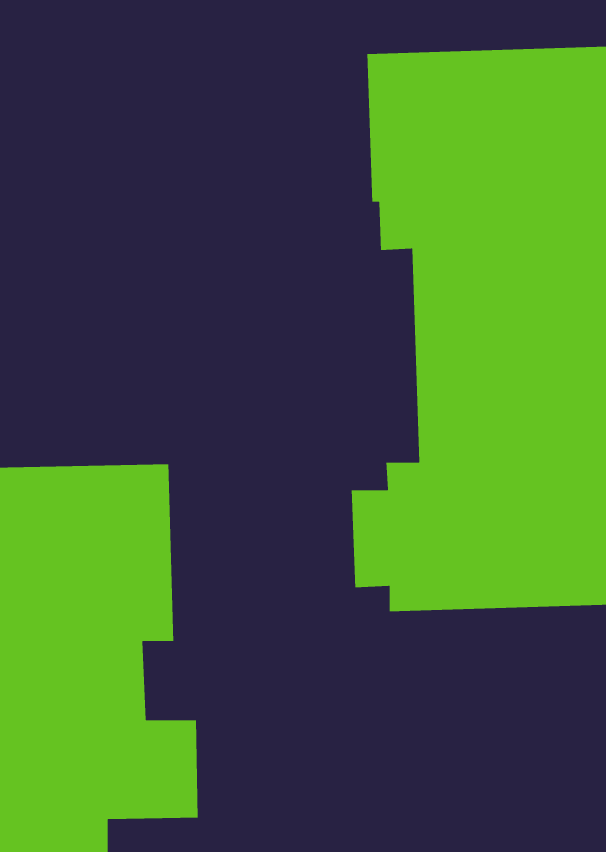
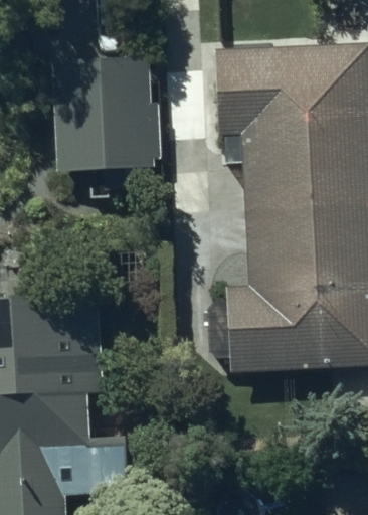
building: none -> [52,54,162,171]

